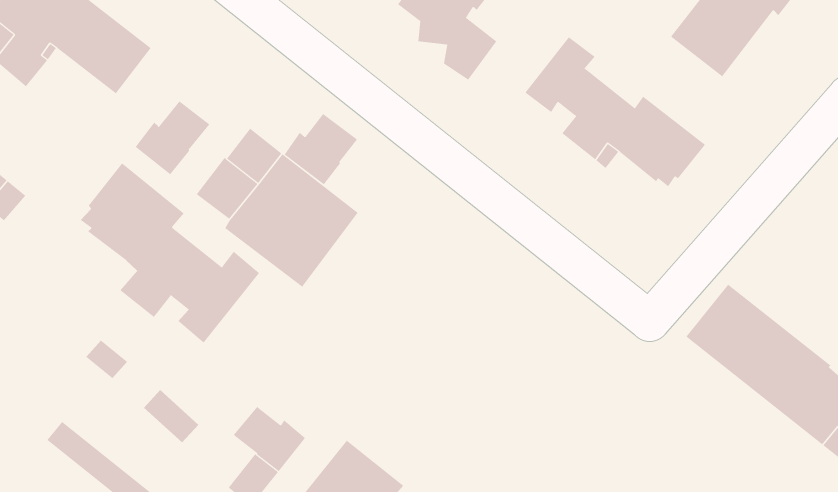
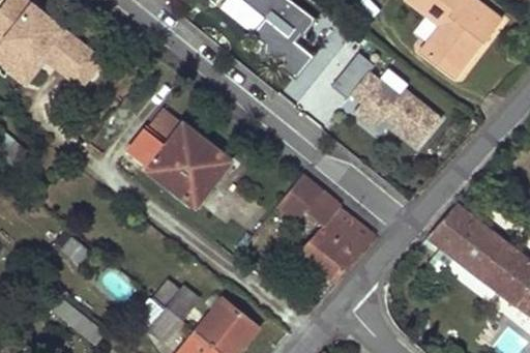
building: [135,101,210,175] -> none
building: [284,113,358,185] -> none
building: [80,162,260,343] -> none
building: none -> [277,174,375,281]

